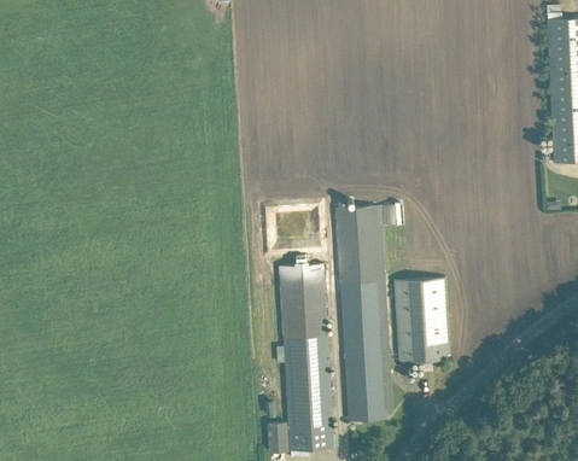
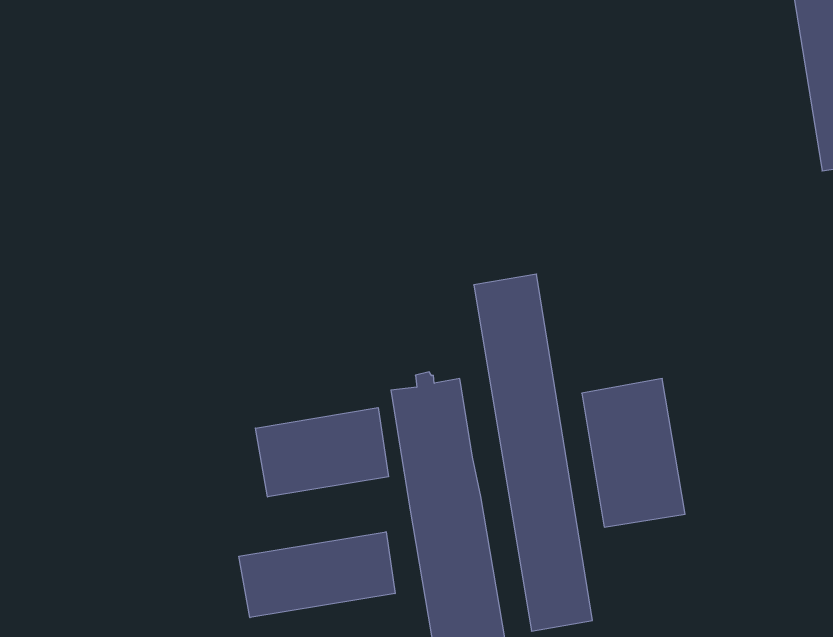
building: none -> [255,408,388,497]
building: none -> [239,532,395,618]

